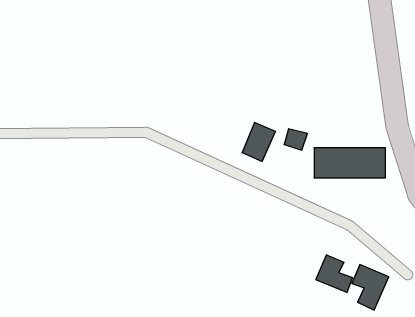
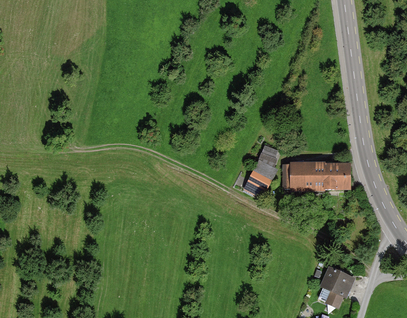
building: [242,123,276,161] -> [246,160,276,195]
building: [316,255,353,293] -> none

